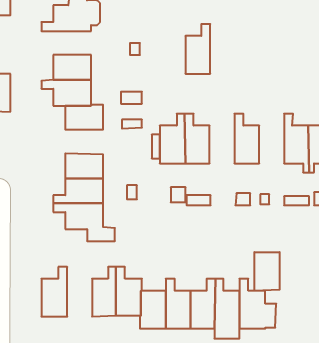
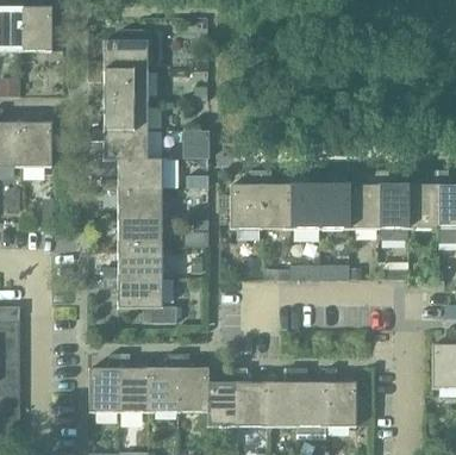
building: [185,24,210,74] -> [289,169,319,229]
building: none -> [88,70,148,99]
building: none -> [349,169,379,229]
building: none -> [117,188,162,218]
building: [254,252,280,291] -> none
building: none -> [119,353,149,412]

